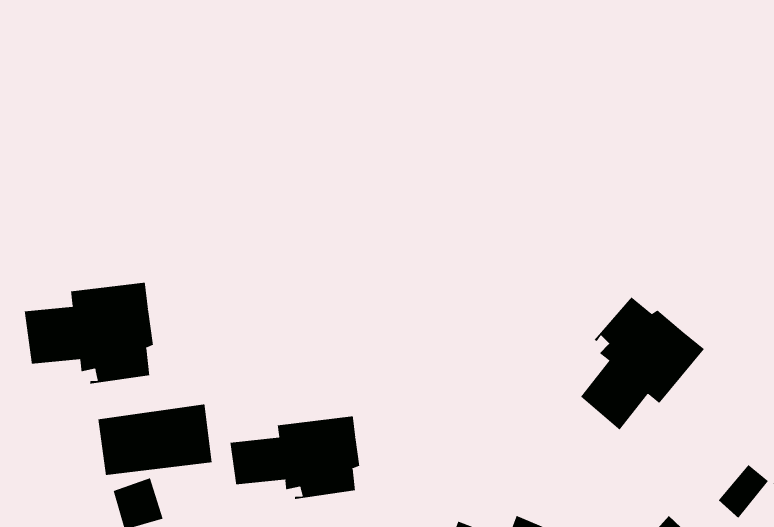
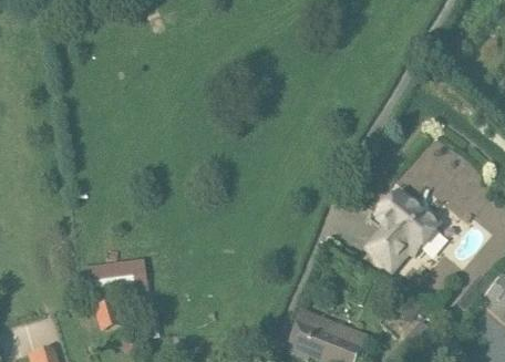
building: [24,282,153,385] -> none
building: [230,415,360,500] -> none

